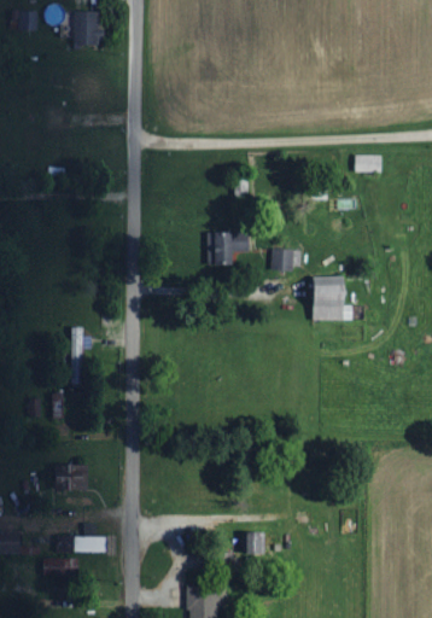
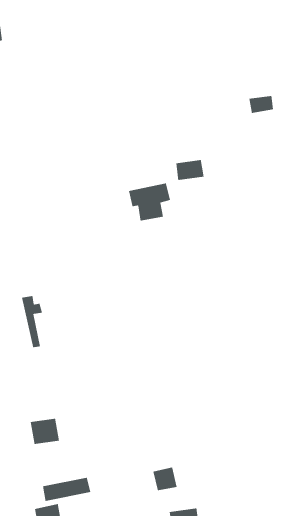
building: [270,249,300,269] -> [175,160,204,180]
building: [314,275,352,320] -> none
building: [241,531,265,554] -> [153,467,178,491]

